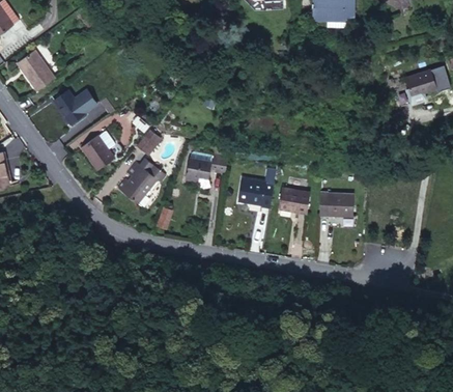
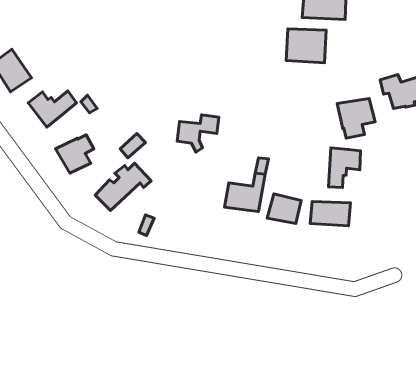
building: none -> [286,29,326,63]
building: none -> [337,98,375,138]
building: none -> [328,148,361,187]
building: [186,156,225,191] -> [177,115,219,152]

